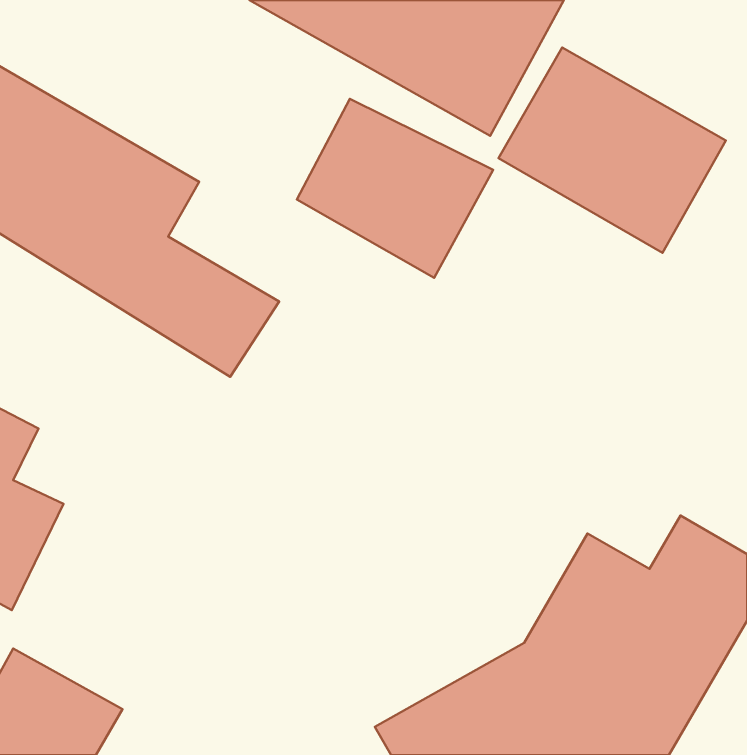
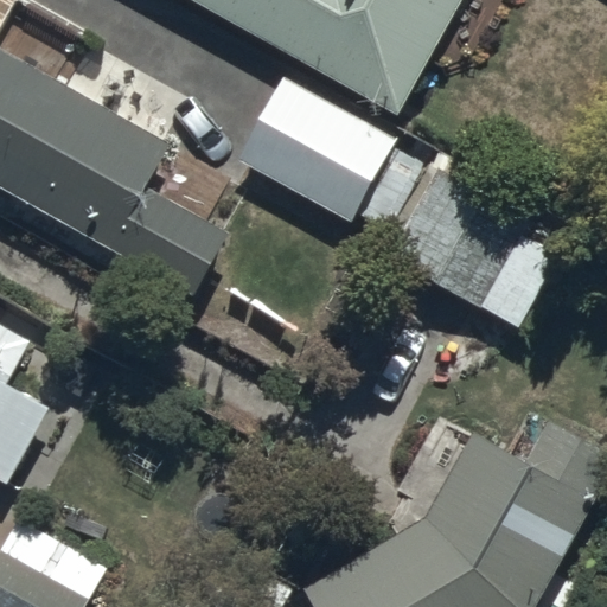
building: [499,47,726,253] -> [388,165,570,330]

